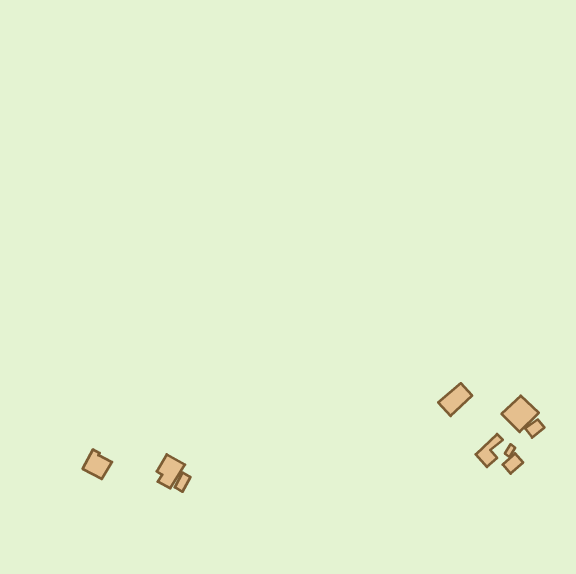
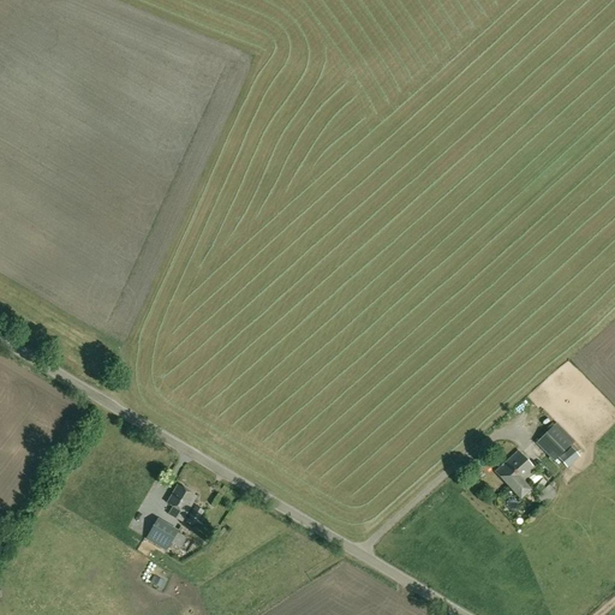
building: [438,383,472,416] -> [494,449,530,484]
building: [83,450,112,479] -> [147,518,178,549]

